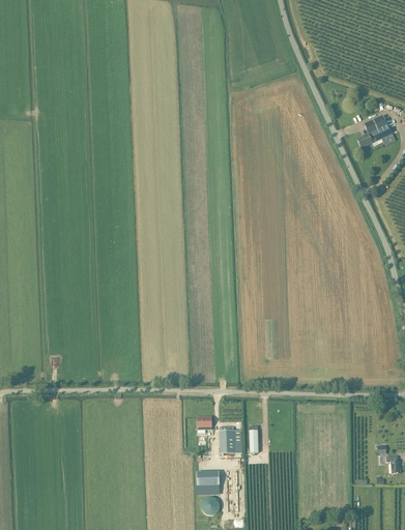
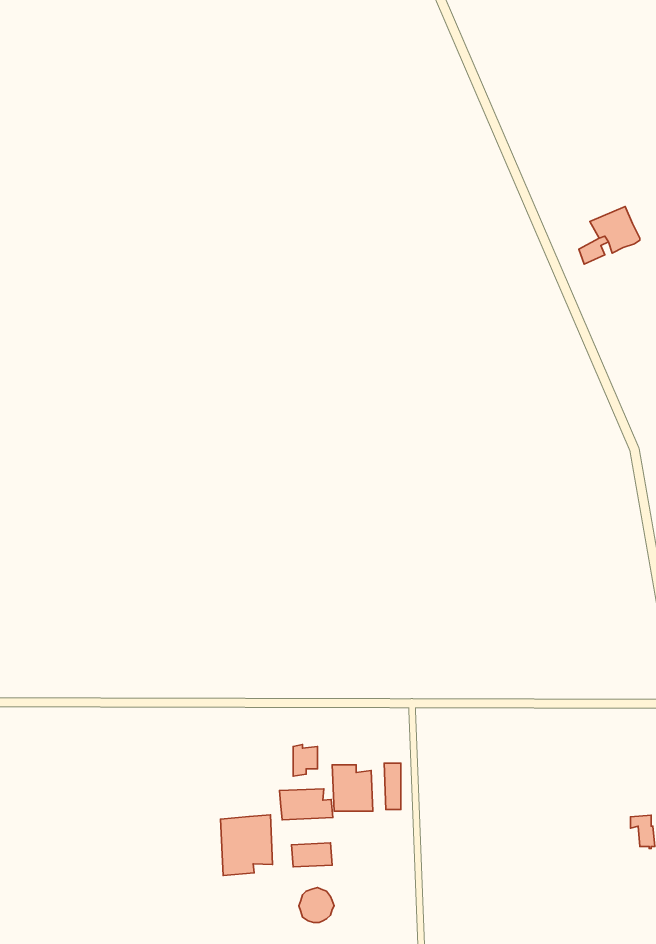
building: none -> [279,789,333,820]
building: none -> [220,815,273,875]

